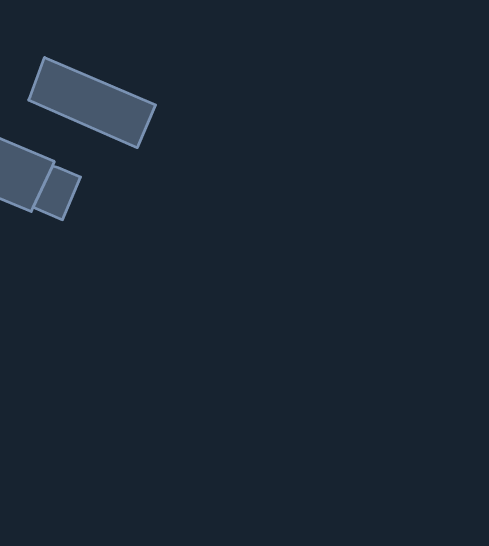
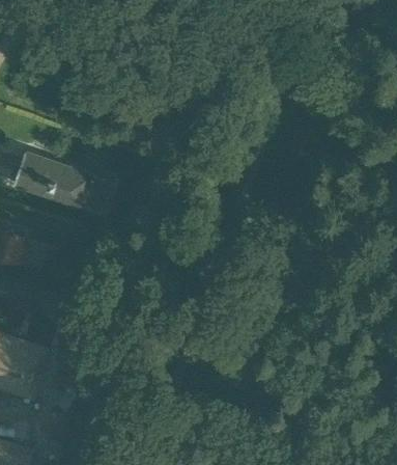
building: [29,57,156,148] -> none

